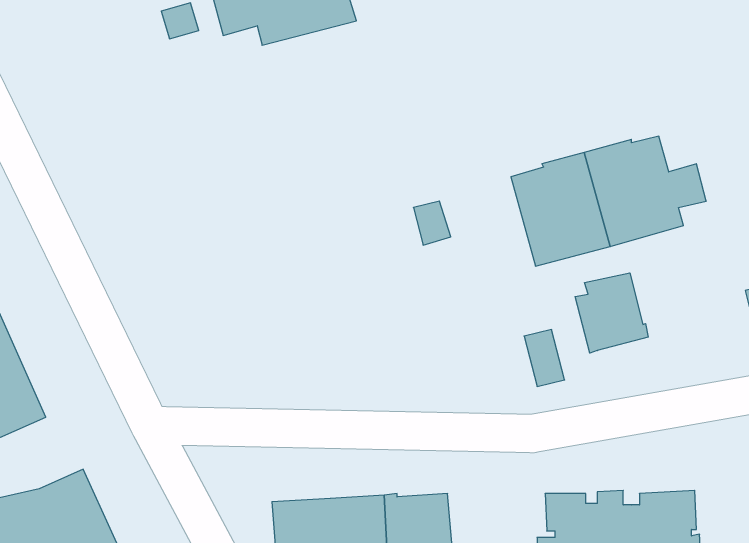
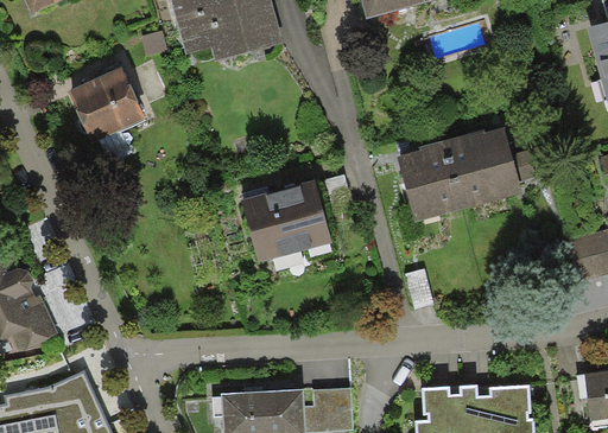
building: none -> [68,65,145,142]
building: none -> [241,178,331,262]
building: [575,273,648,353] -> none

